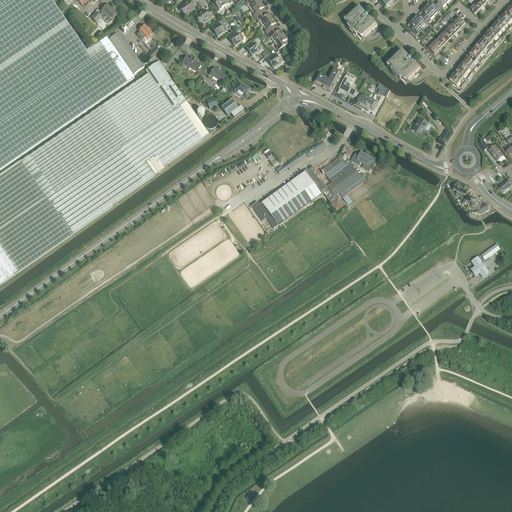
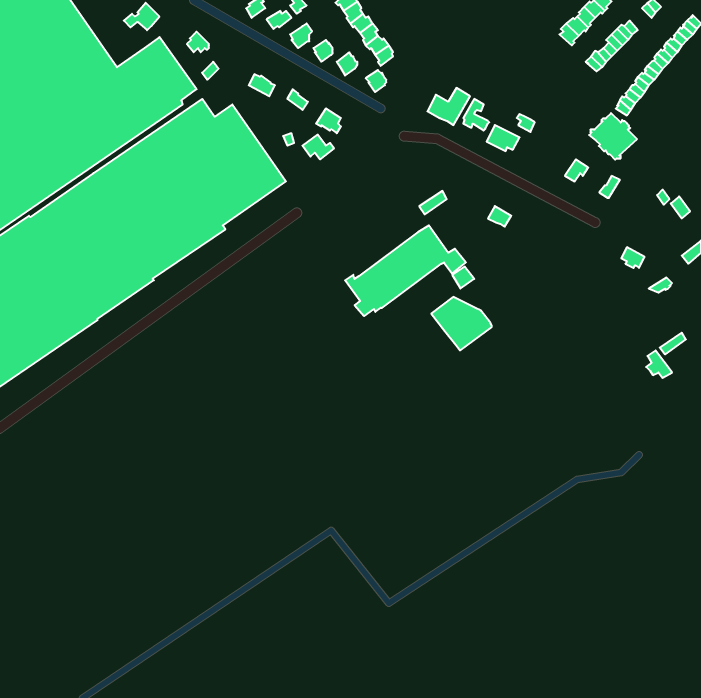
building: [342,5,376,39] -> none
building: [385,48,420,82] -> [589,113,637,160]
building: [321,156,365,195] -> [431,297,492,350]

